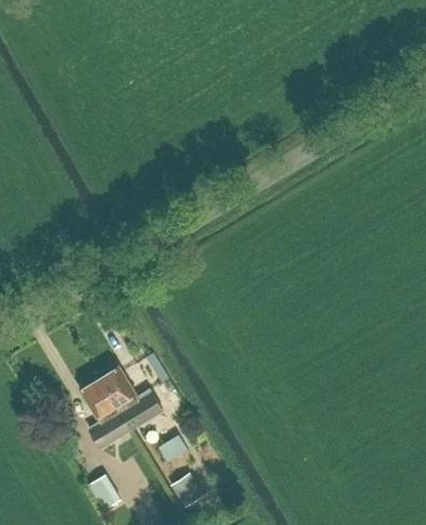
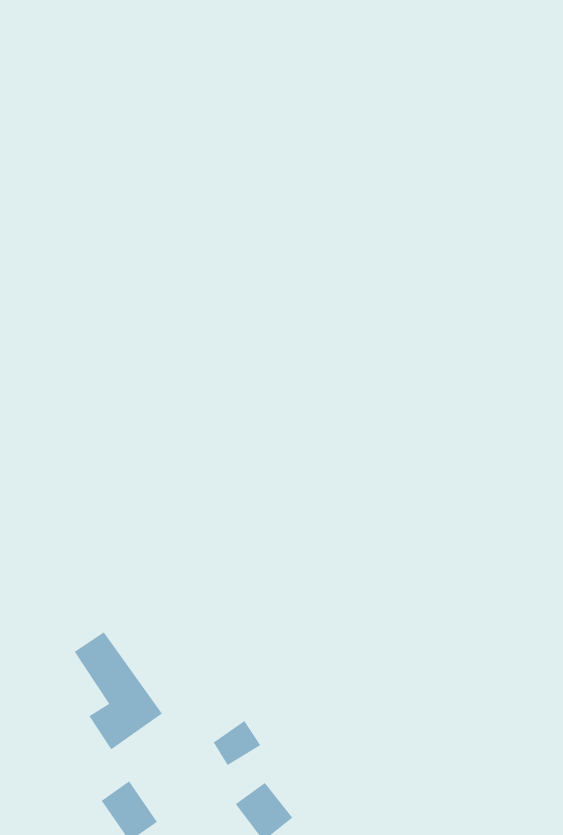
building: [99,367,161,429] -> none

